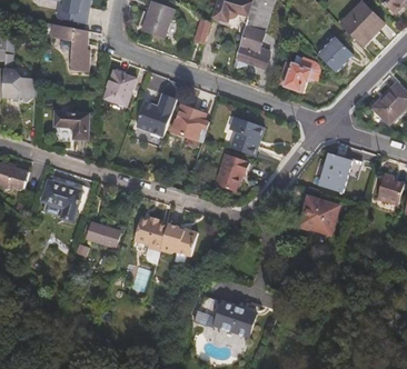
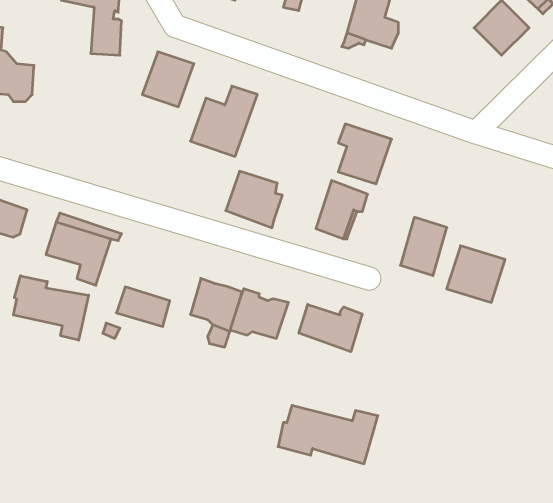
building: [277,57,319,91] -> none
building: [171,106,208,142] -> [226,171,282,228]
building: [54,112,88,139] -> none
building: [320,153,350,191] -> [400,217,447,276]
building: none -> [13,276,89,340]
building: none -> [299,304,362,352]

